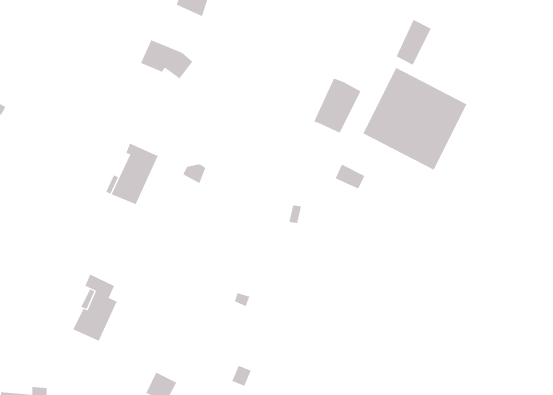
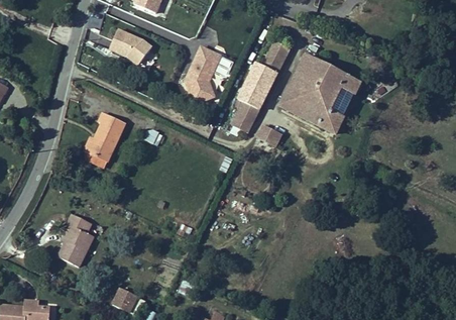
building: [396,19,432,66] -> [263,38,291,74]
building: none -> [181,48,223,105]
building: none -> [233,99,260,130]

